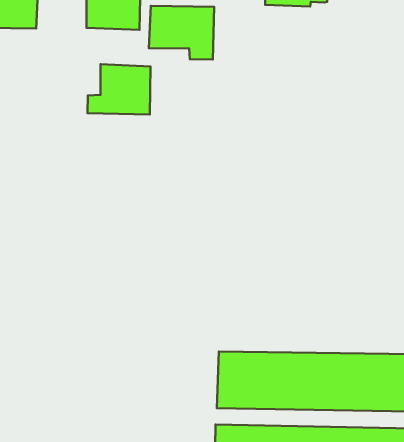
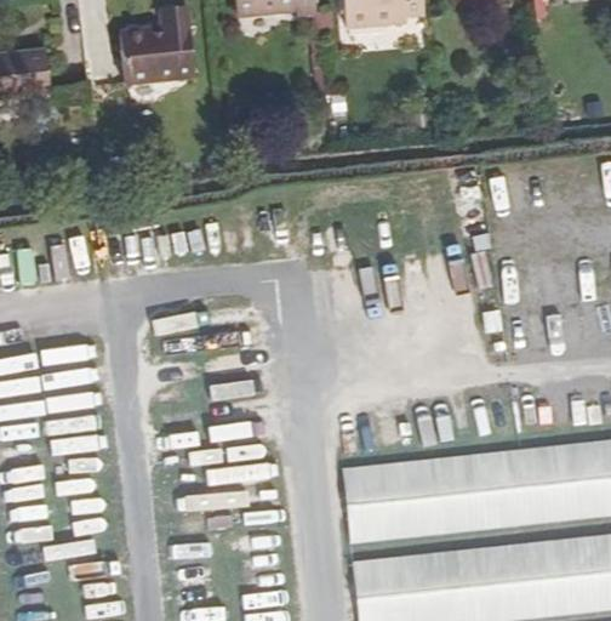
building: [149,6,214,60] -> none
building: [88,64,150,115] -> none

